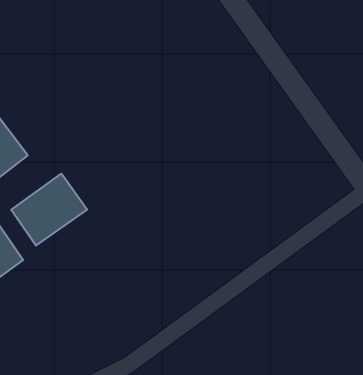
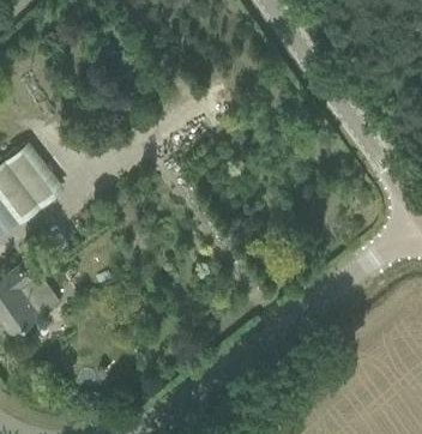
building: [11,174,87,246] -> none

